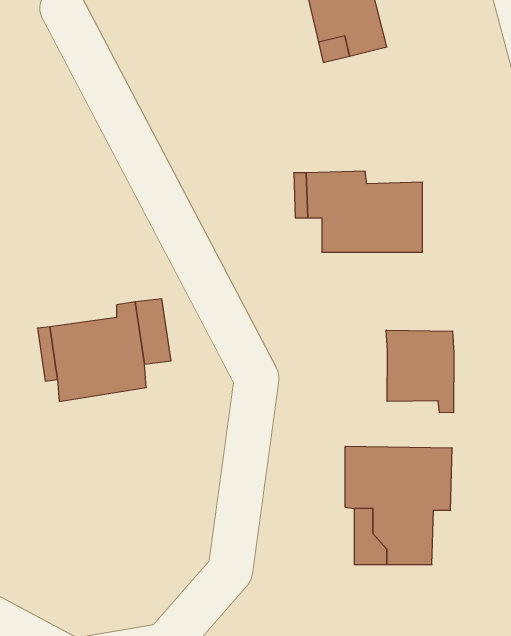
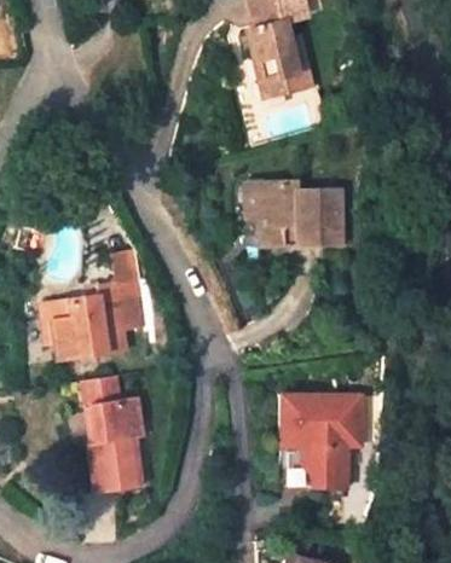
building: [386,330,454,413] -> none
building: none -> [80,375,144,493]

